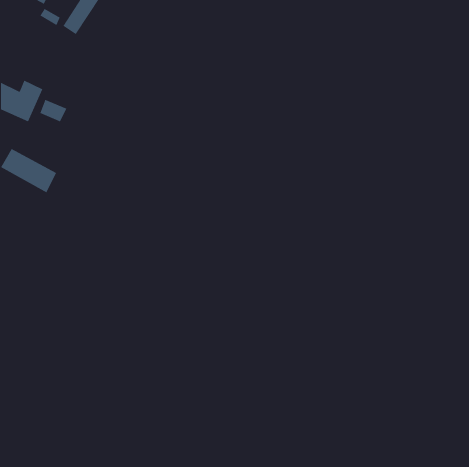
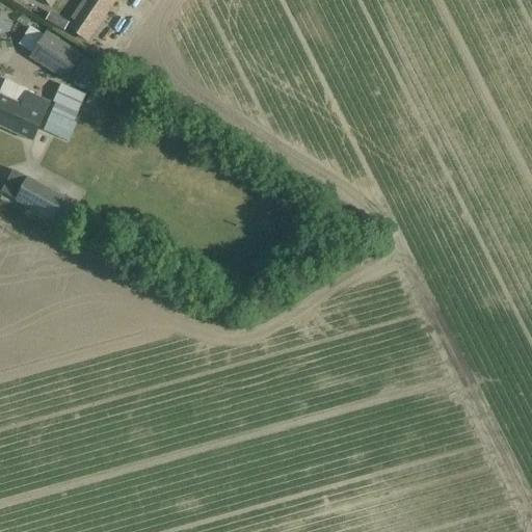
building: none -> [19,25,94,84]
building: none -> [52,82,85,119]

